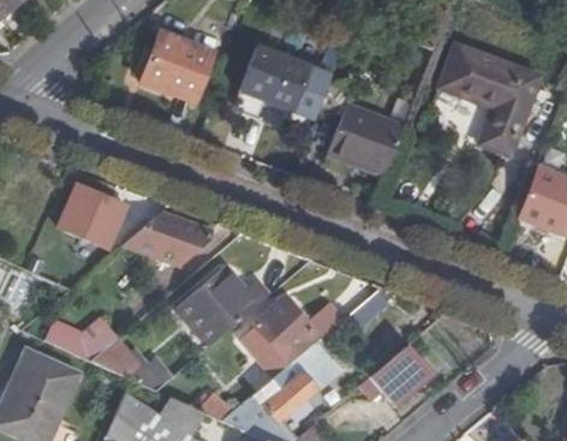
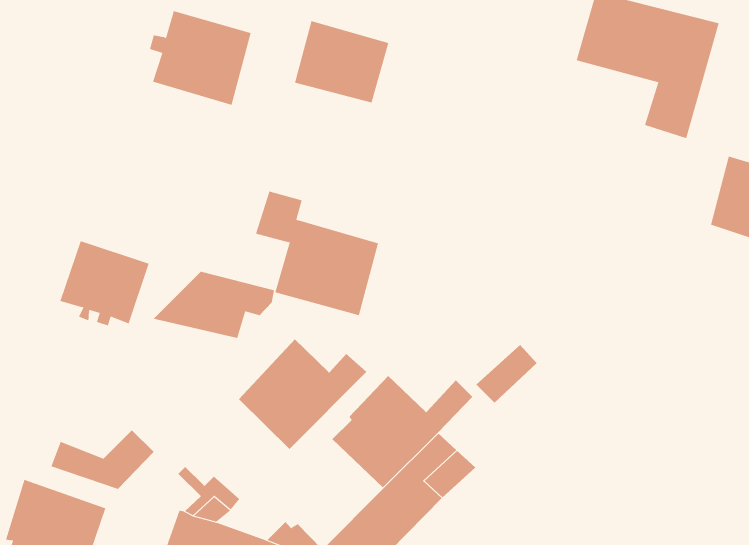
building: [317,82,402,174] -> [255,191,379,316]
building: [91,336,148,380] -> none
building: [362,347,430,406] -> none

